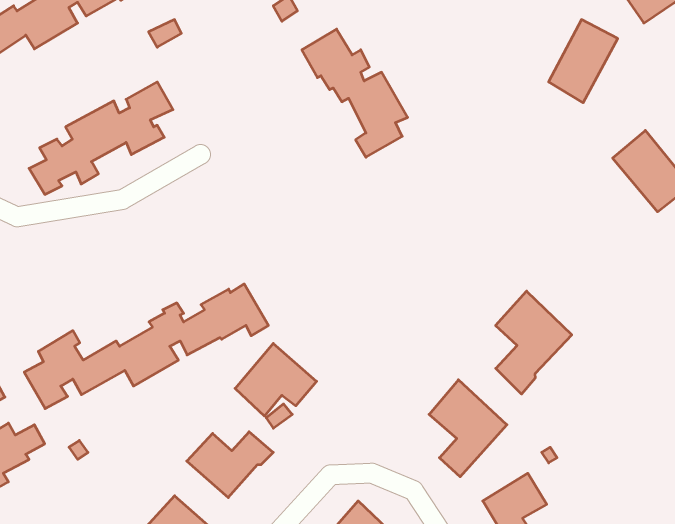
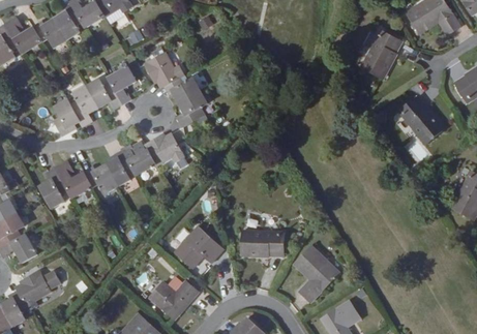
building: [302,29,408,157] -> [144,51,207,127]
building: [24,284,268,409] -> [38,132,184,207]
building: [496,291,572,394] -> none
building: none -> [239,223,282,250]

